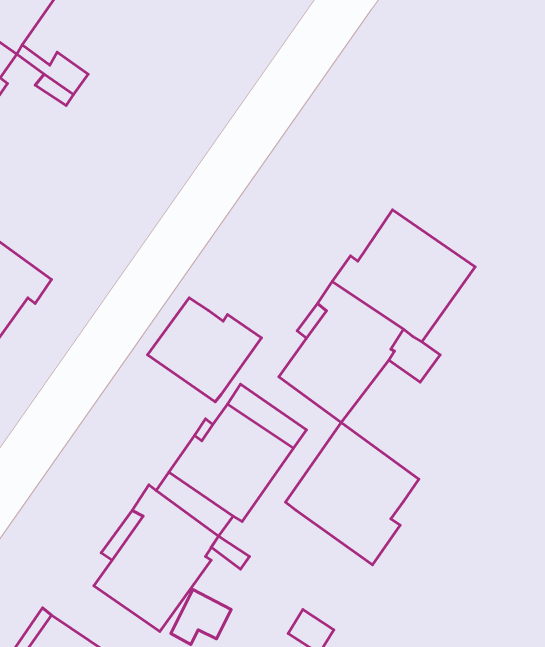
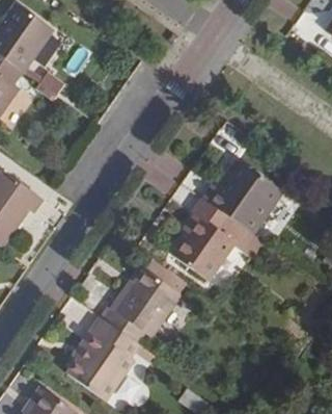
building: [148,298,261,402] -> none
building: [286,423,419,565] -> none

